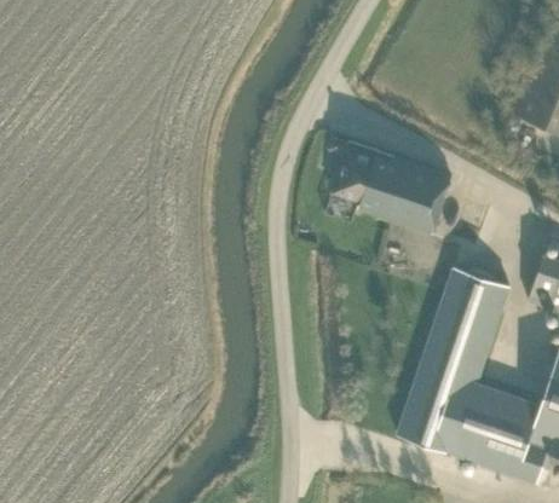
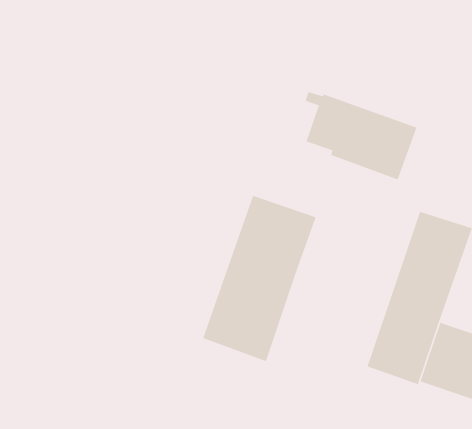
building: none -> [202,195,317,362]

